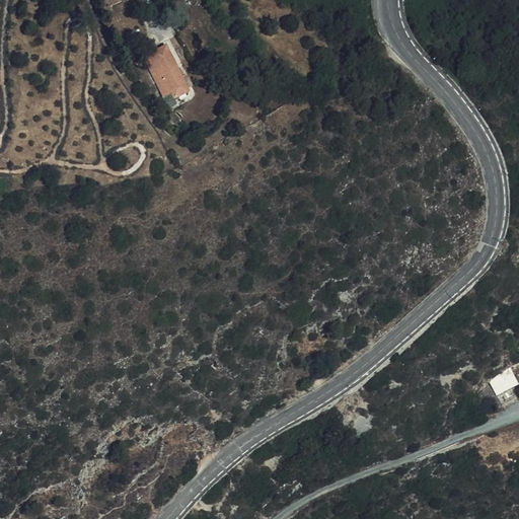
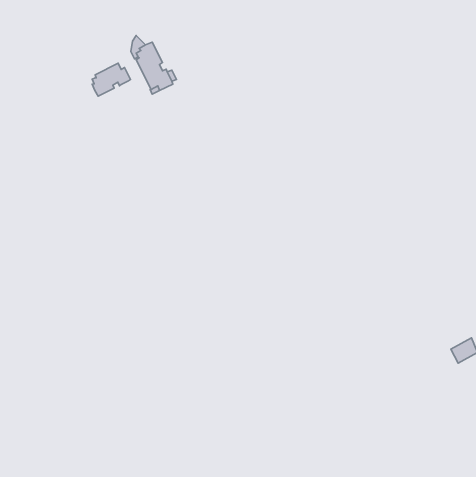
building: none -> [92,63,130,96]

